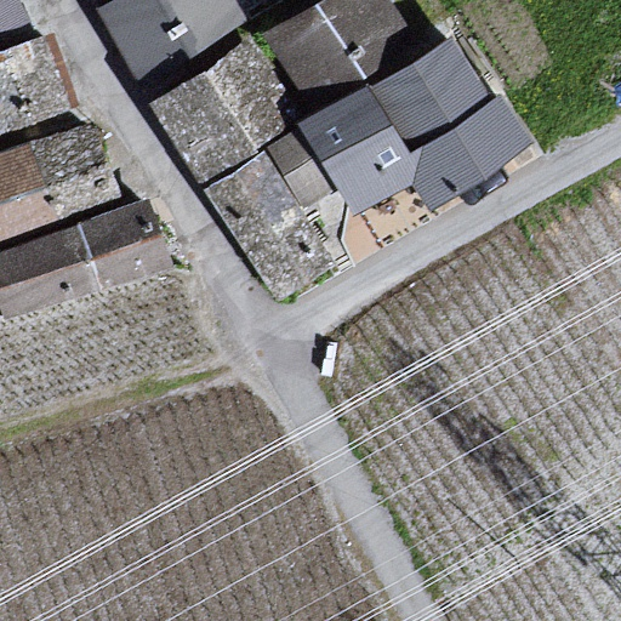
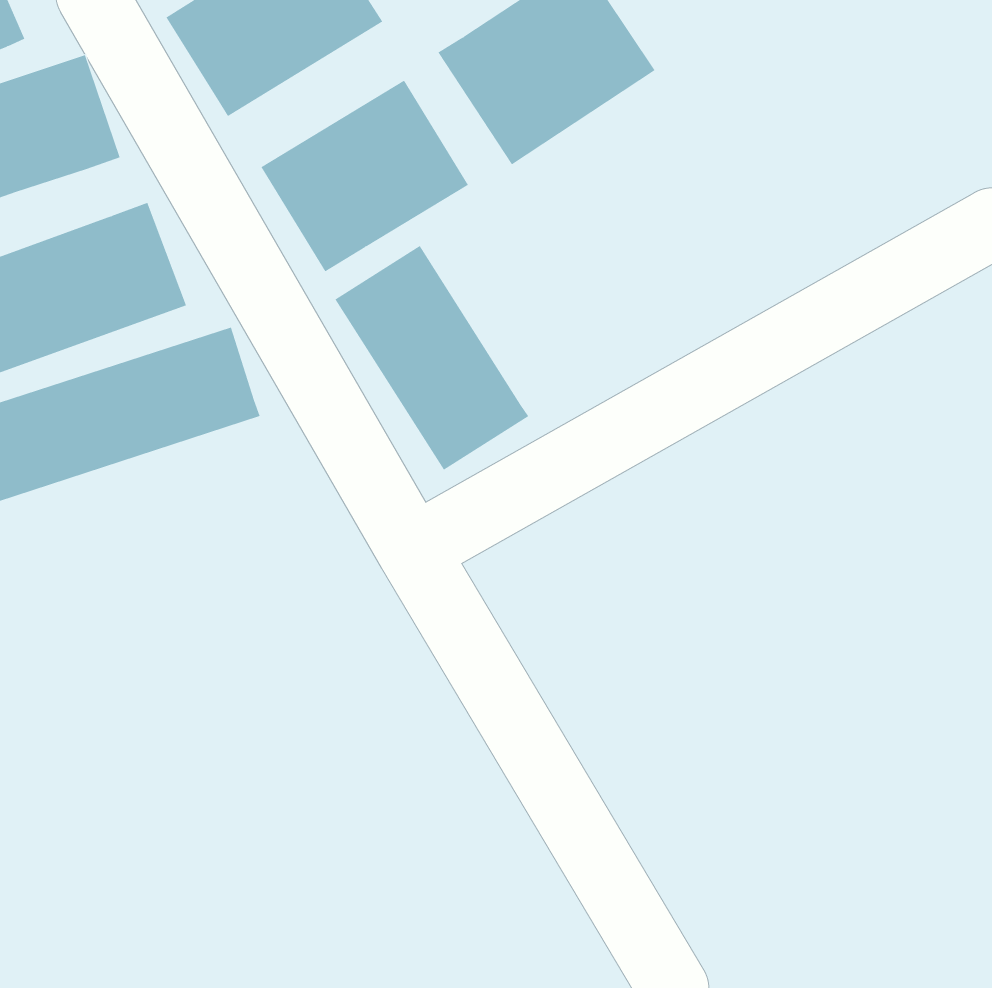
building: [278,36,517,201] -> none

